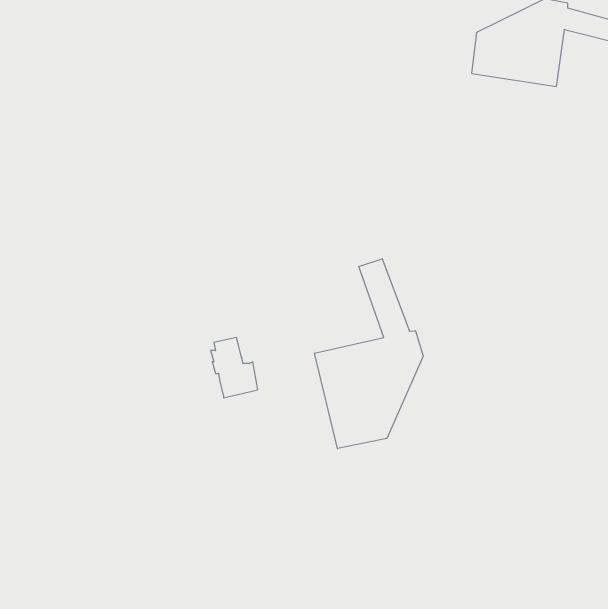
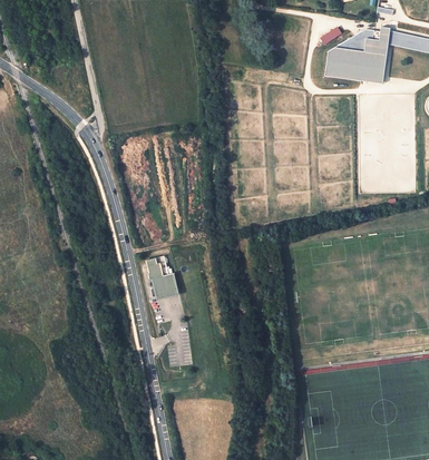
building: [315,259,423,449] -> none

